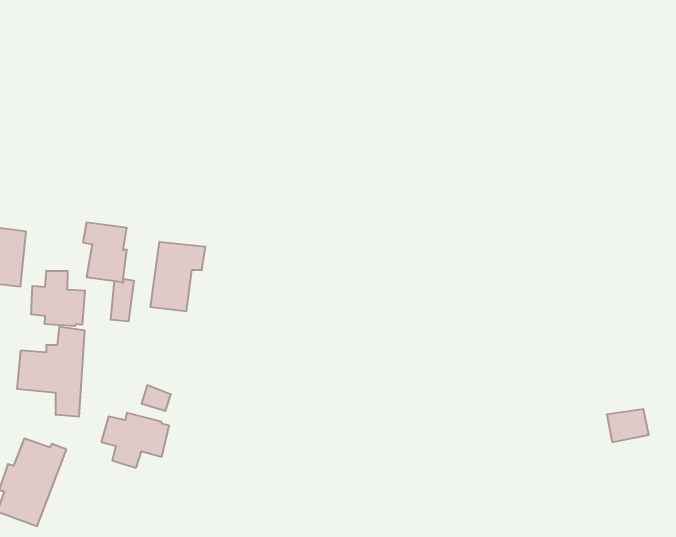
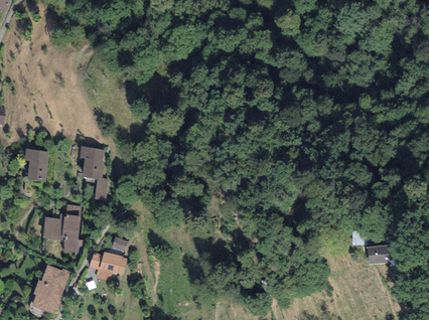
building: [151,242,205,311] -> none
building: [31,271,85,326] -> none

